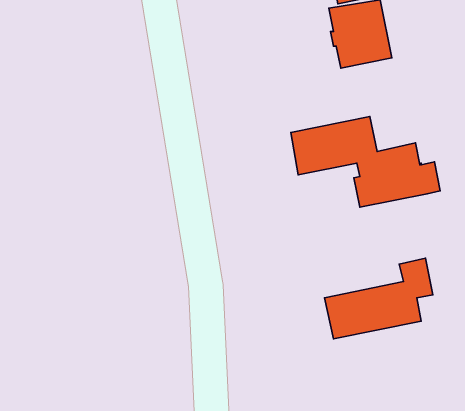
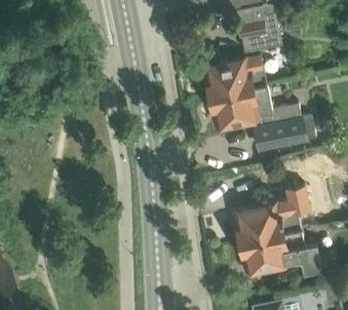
building: none -> [203,55,265,96]
building: none -> [239,229,321,272]

